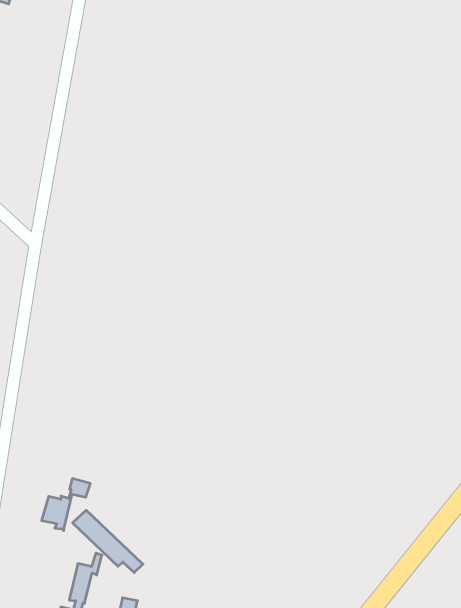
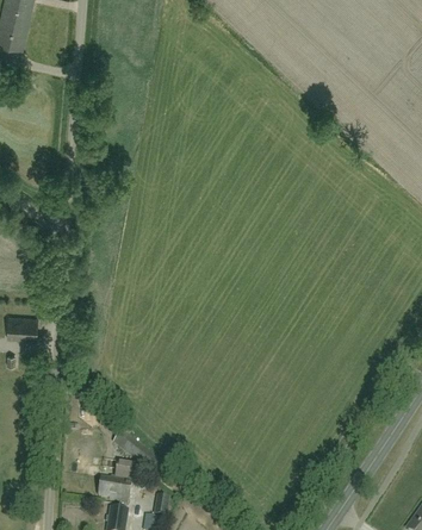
building: [42,479,90,531] -> [98,463,132,504]

